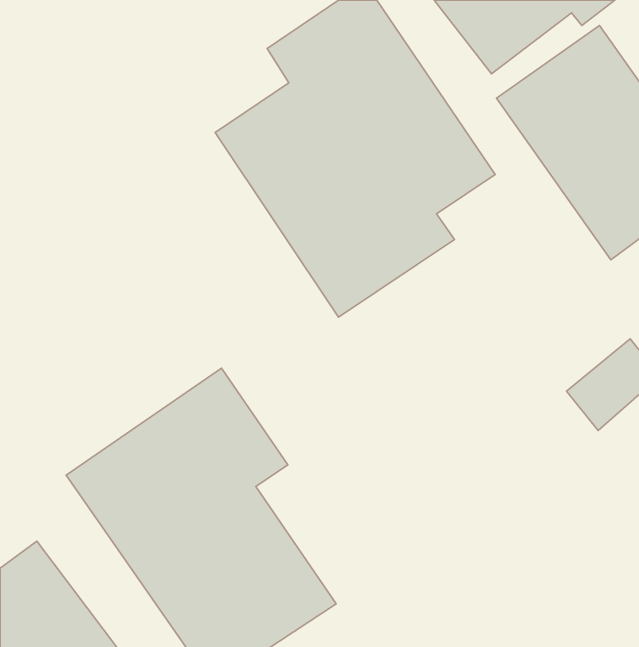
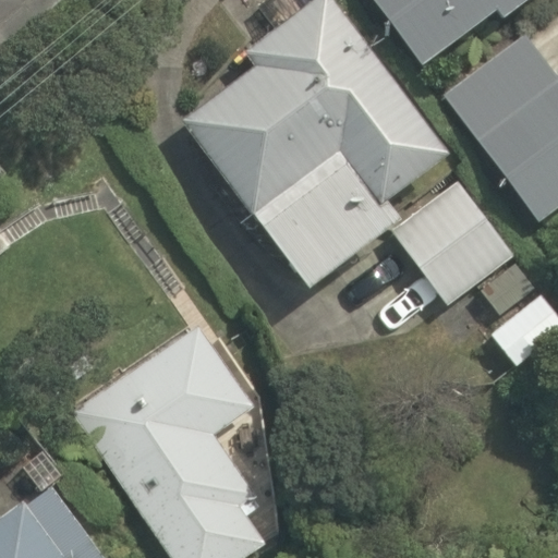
building: none -> [389,179,519,311]

